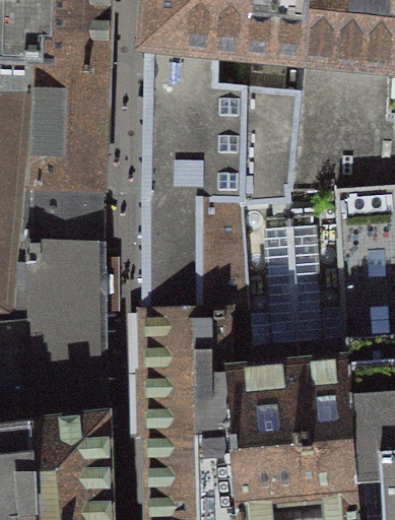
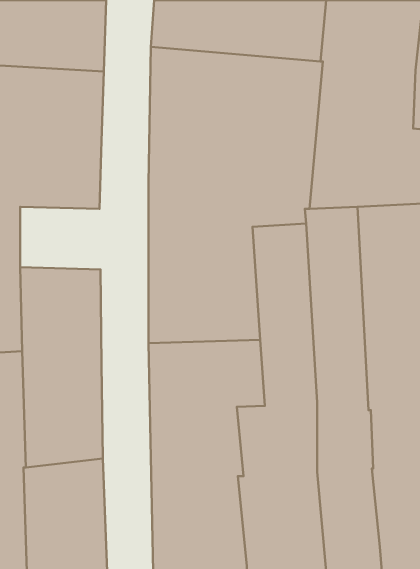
building: [22,188,95,245] -> none

